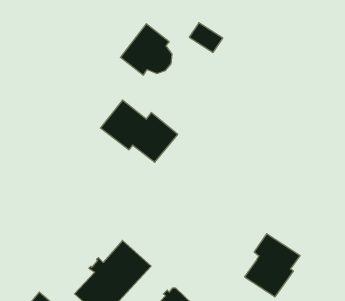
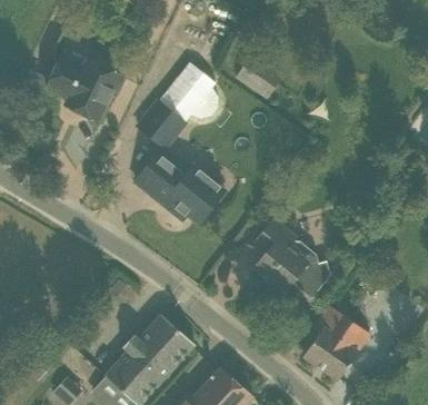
building: none -> [47,56,126,122]
building: none -> [137,101,188,151]
building: none -> [253,218,331,299]

